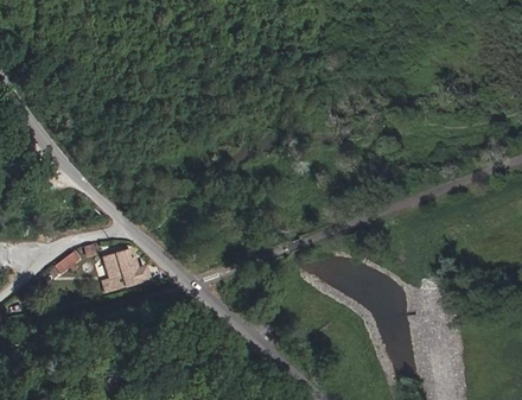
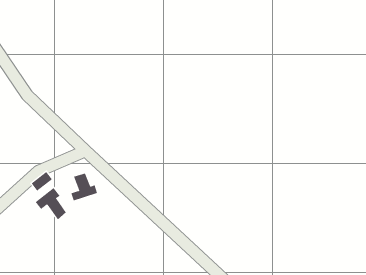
building: none -> [35,187,67,220]

